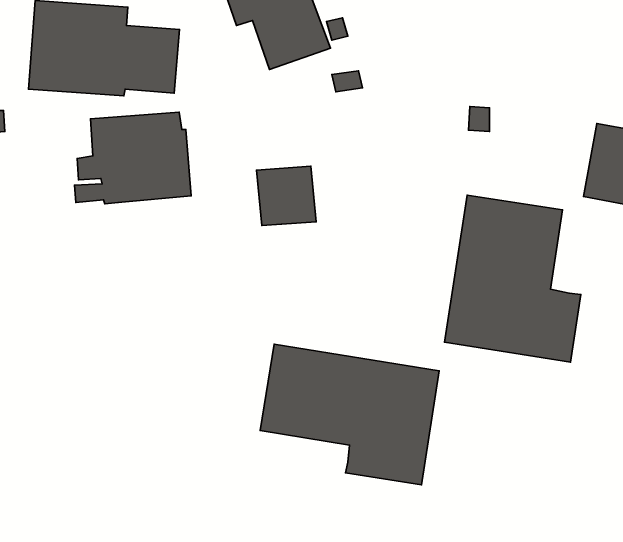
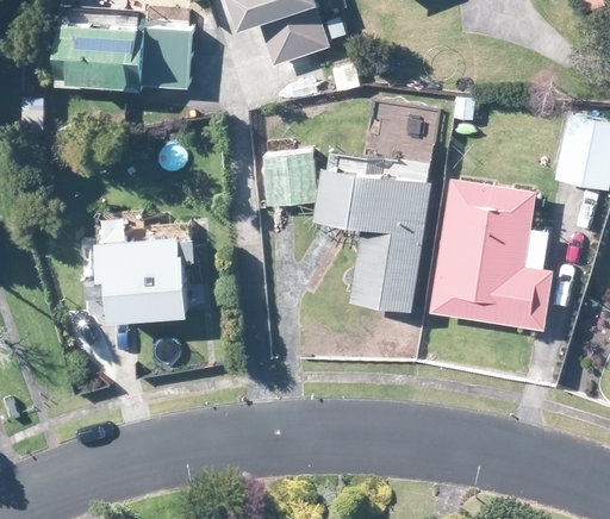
building: [74,112,191,204] -> [85,236,189,318]
building: none -> [318,163,432,307]
building: [260,344,439,485] -> none

